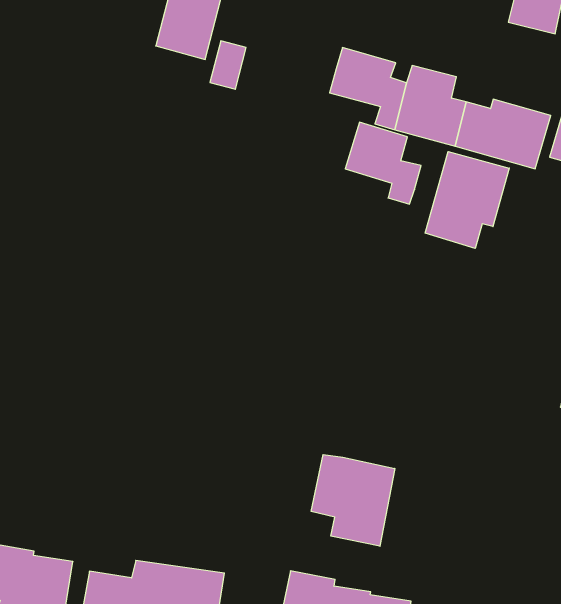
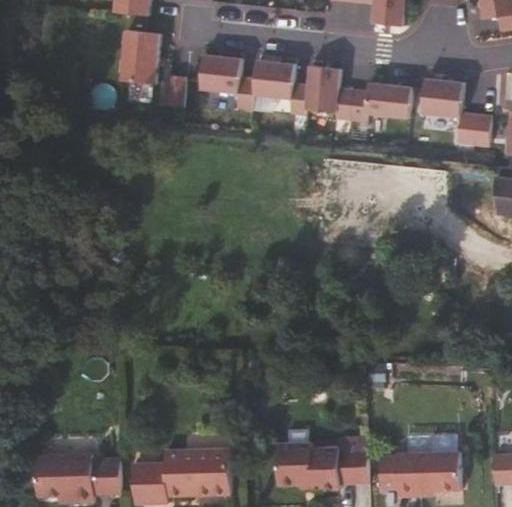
building: [345,122,421,204] -> [198,53,252,106]
building: [425,152,509,248] -> none
building: [311,455,395,546] -> none

